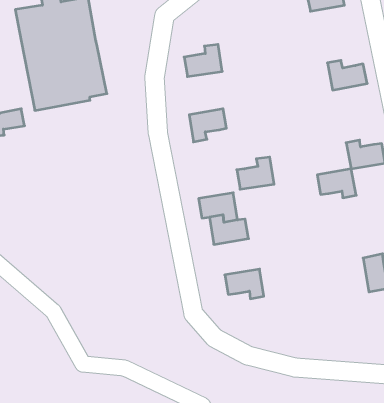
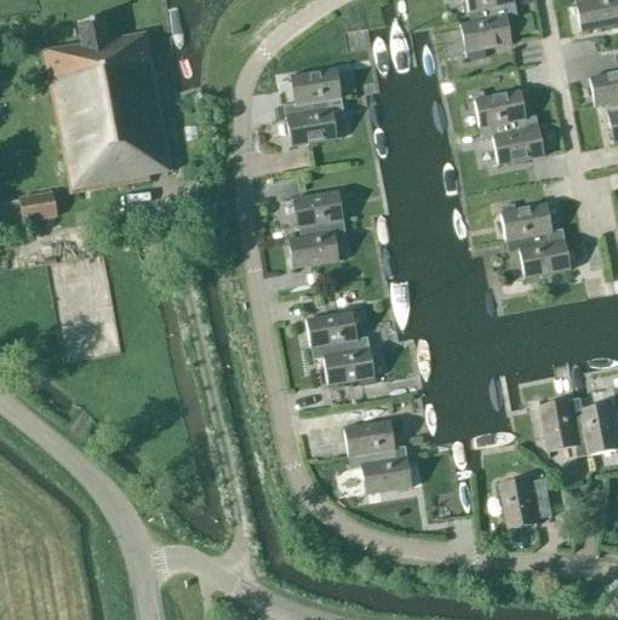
building: none -> [285,68,344,116]
building: none -> [475,90,531,132]
building: [237,157,274,189] -> [288,220,342,266]
building: [317,169,356,198] -> [502,203,557,245]
building: none -> [360,450,416,493]
building: none -> [500,477,554,528]

